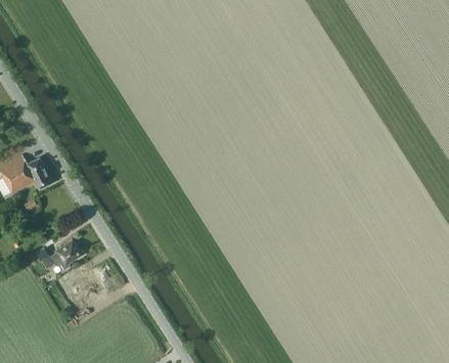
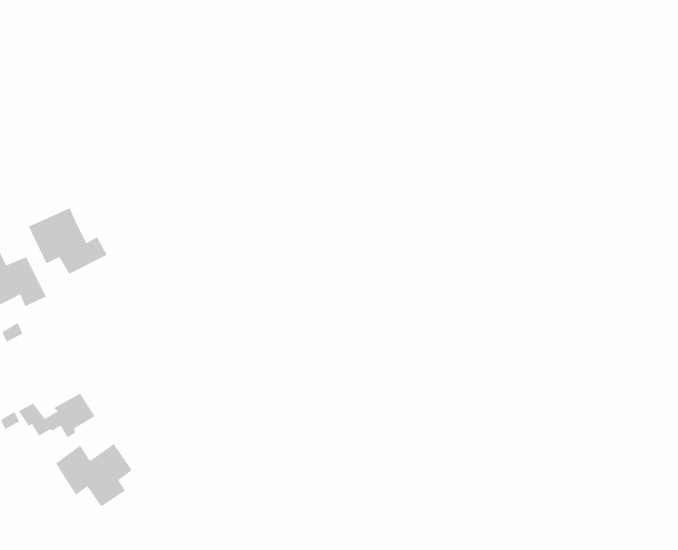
building: none -> [28,207,107,274]

